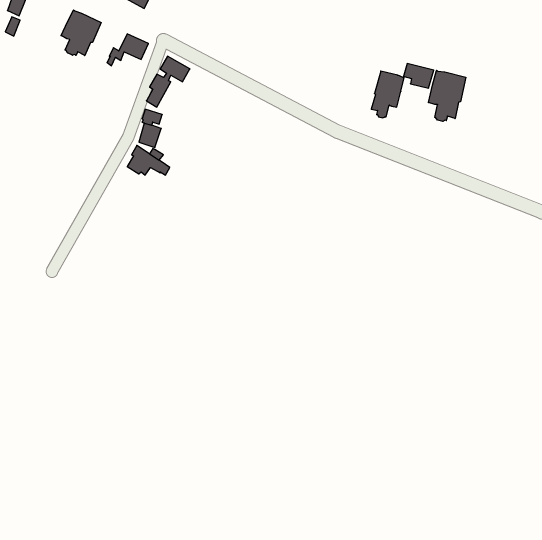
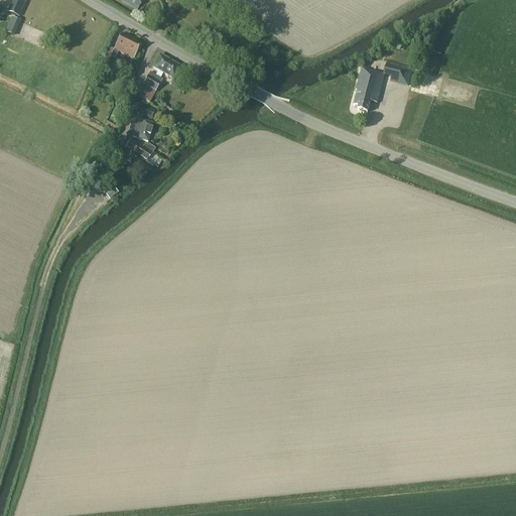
building: [61,10,101,56] -> none
building: [428,70,466,121] -> none

